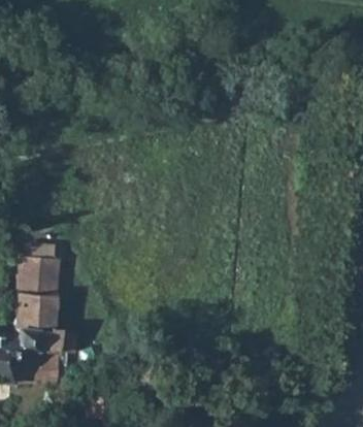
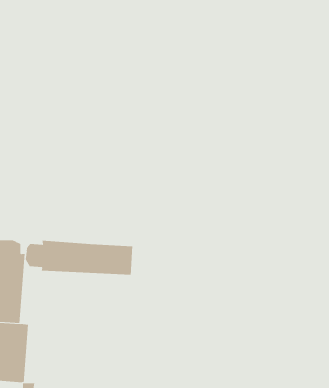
building: none -> [25,240,133,275]

